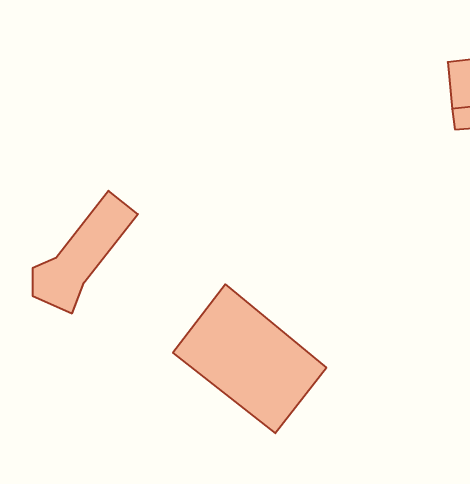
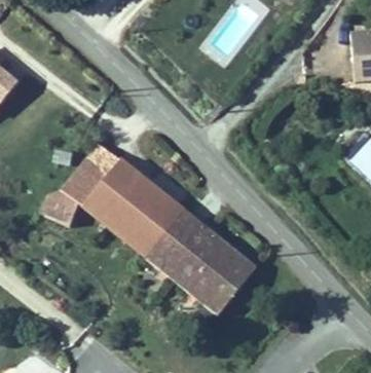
building: none -> [81,154,181,252]

